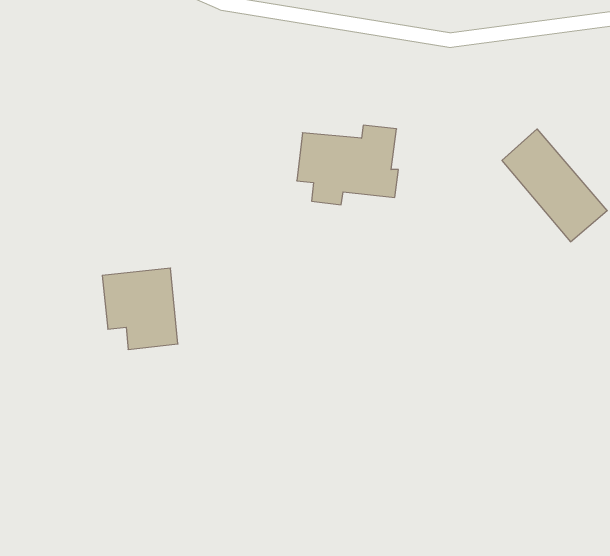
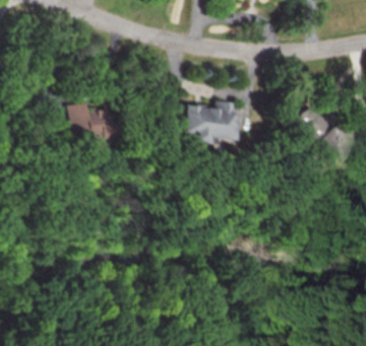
building: [102,268,178,349] -> [67,102,109,147]

